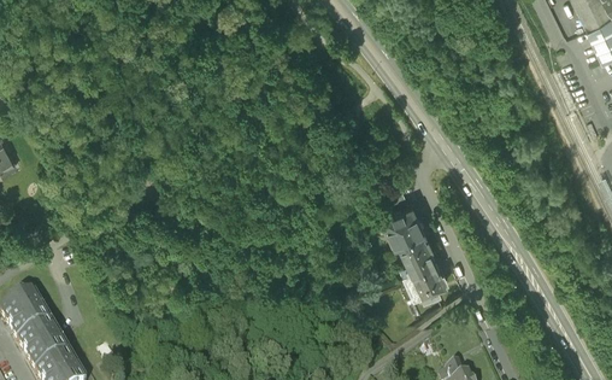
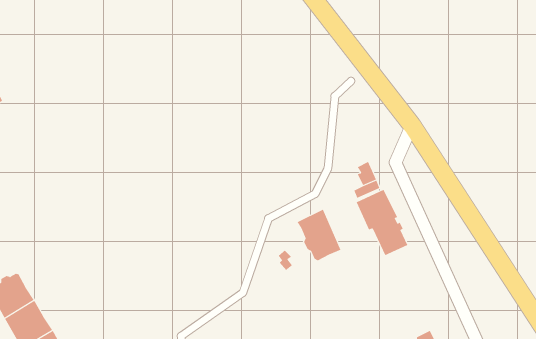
building: none -> [297,209,341,261]
building: [413,265,447,300] -> none

